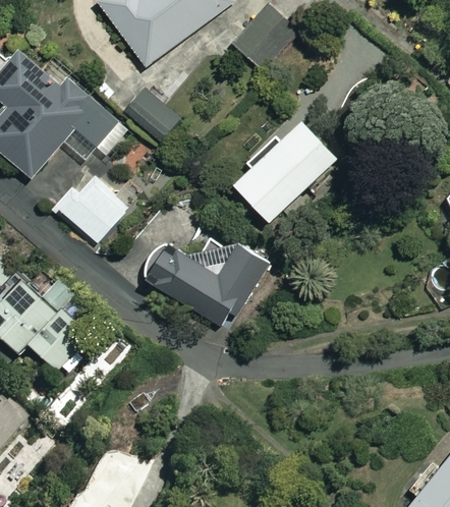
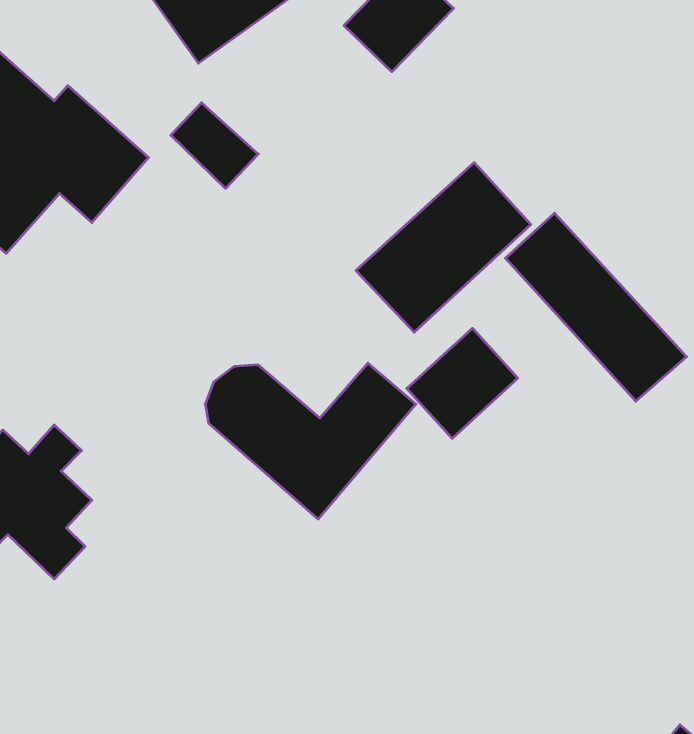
building: none -> [505,213,687,401]
building: [62,178,126,242] -> none
building: none -> [407,328,518,438]

